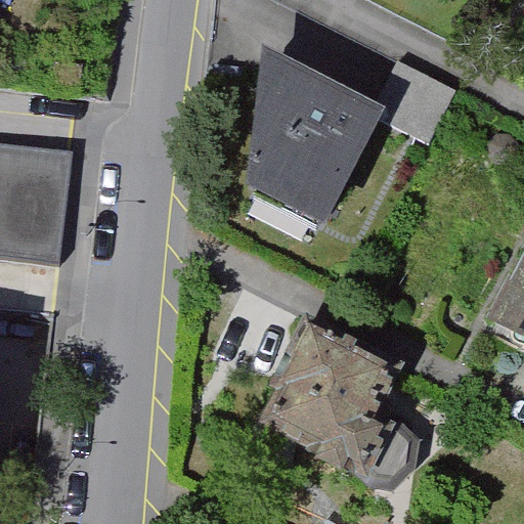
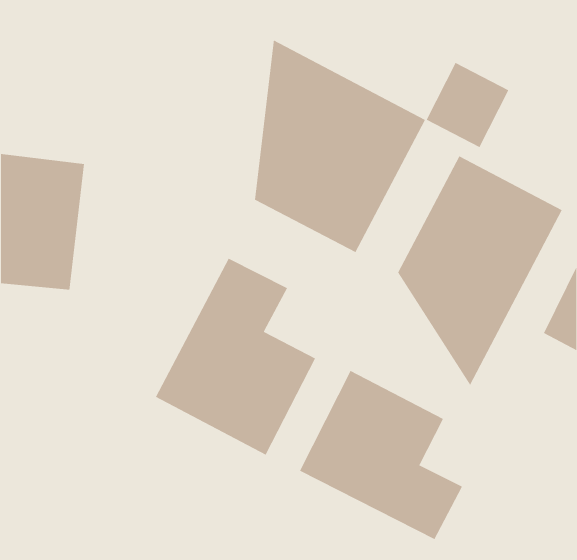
building: none -> [398,156,563,386]
building: none -> [155,258,316,455]

